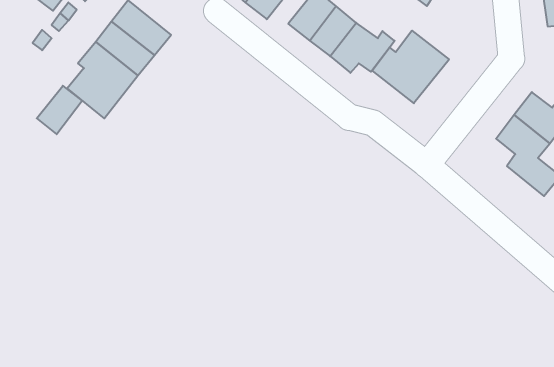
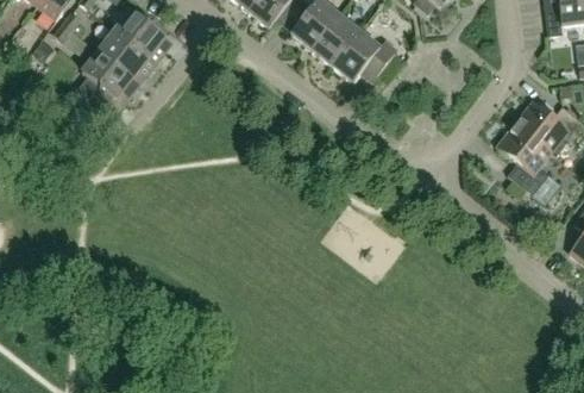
building: [372,31,449,103] -> none
building: [37,86,82,134] -> none

